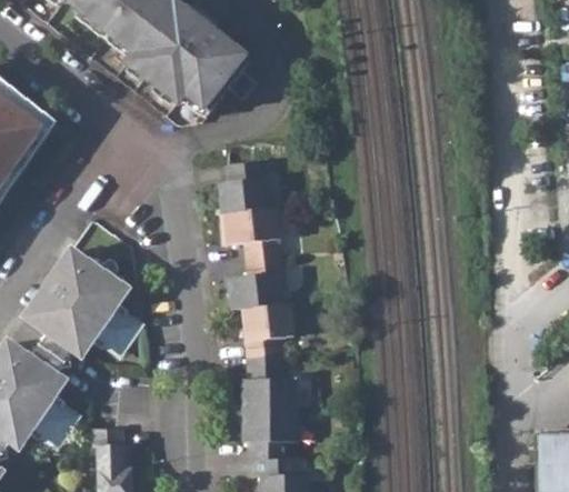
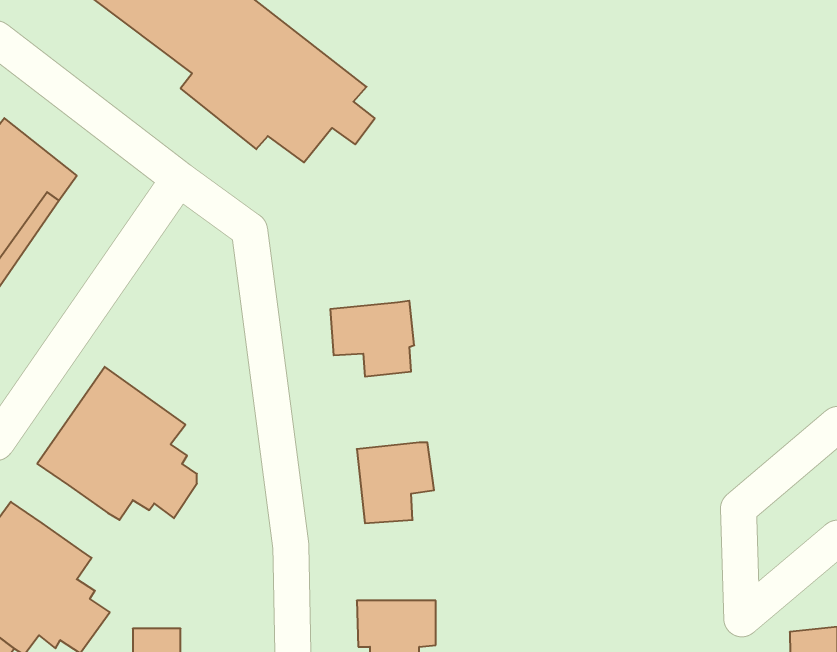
building: [219,159,270,211] -> none
building: [229,253,284,307] -> none
building: [30,330,74,374] -> none
building: [242,353,296,408] -> none

